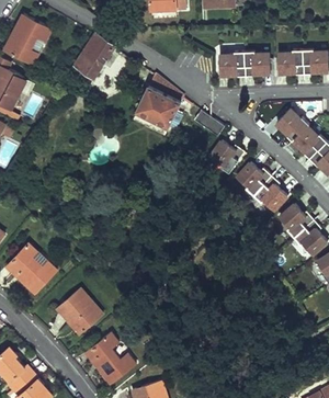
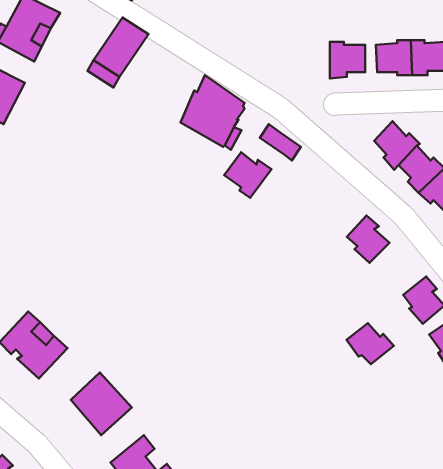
building: [219,50,245,77] -> none
building: [211,138,245,171] -> [224,152,272,198]
building: [237,161,271,191] -> none
building: [280,203,314,232] -> [346,323,394,364]

